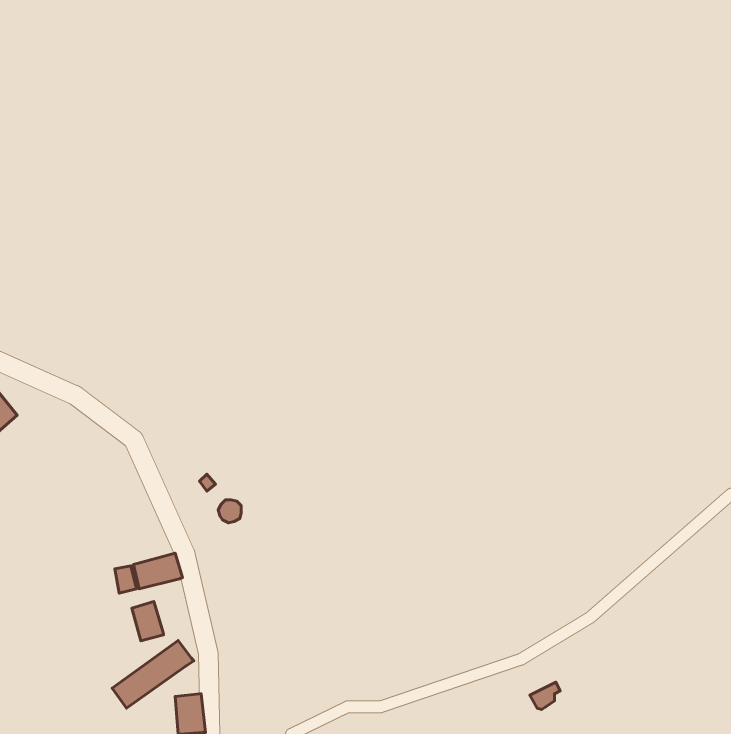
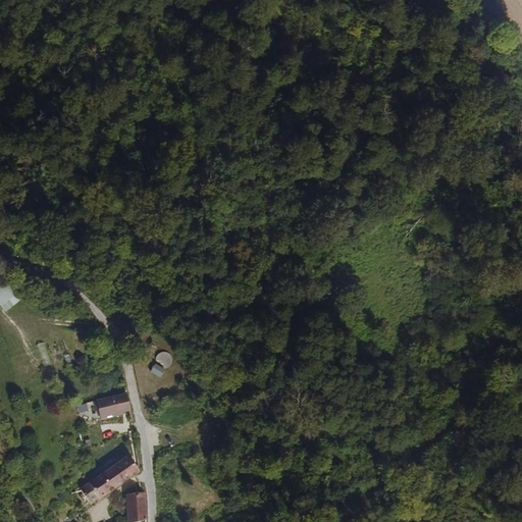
building: [132,601,163,641] -> none

